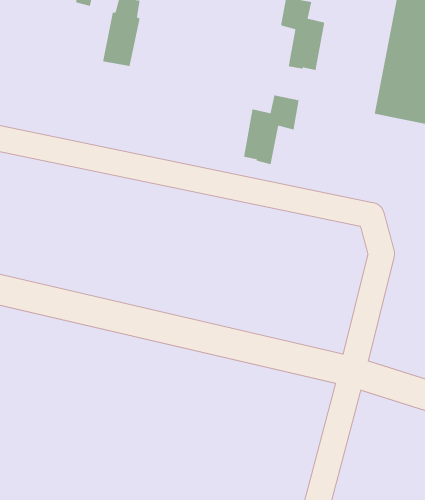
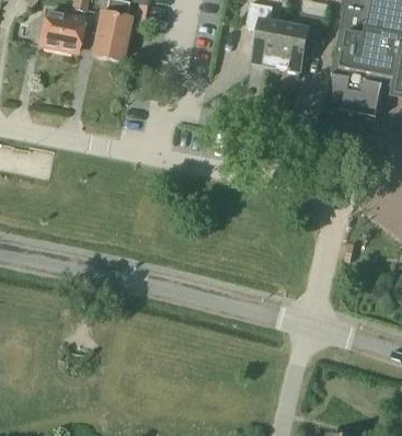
building: none -> [37,11,82,50]
building: [243,95,299,165] -> [276,10,324,70]

